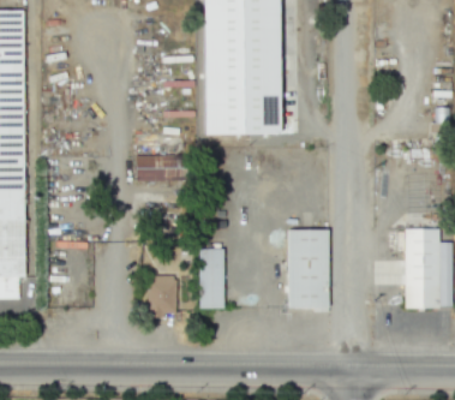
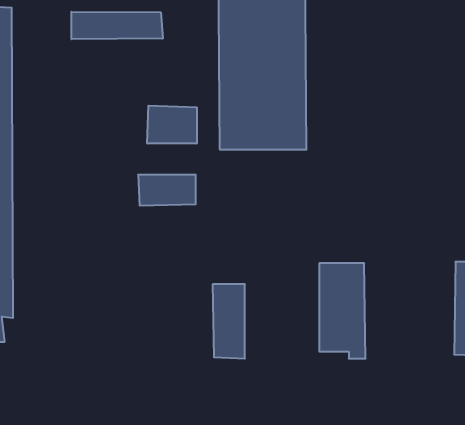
building: none -> [71,12,163,39]
building: none -> [147,106,197,144]
building: [145,274,174,315] -> none

